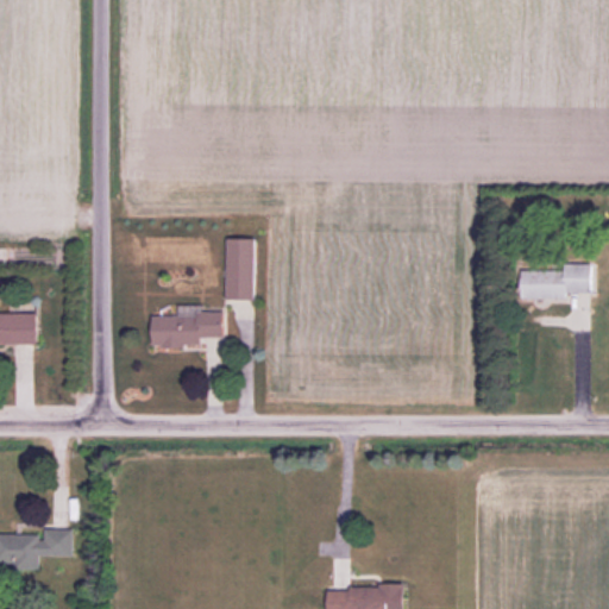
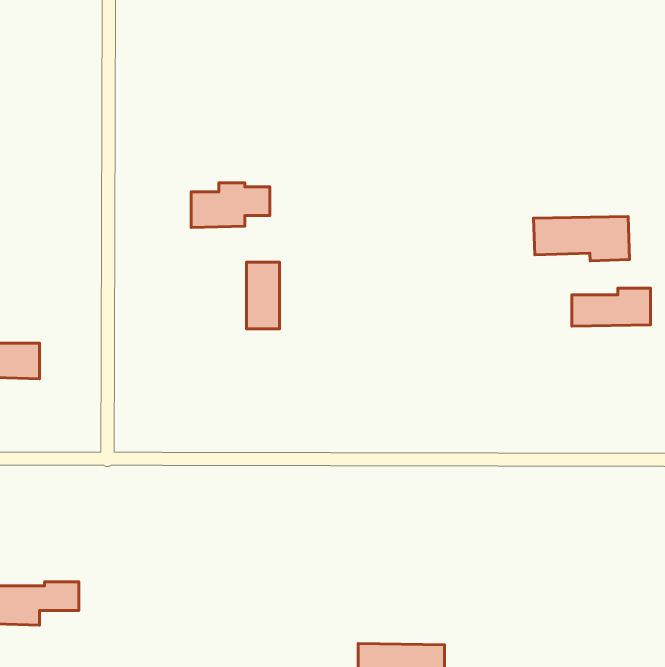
building: none -> [533,216,630,261]
building: [151,309,222,350] -> [191,183,270,227]

